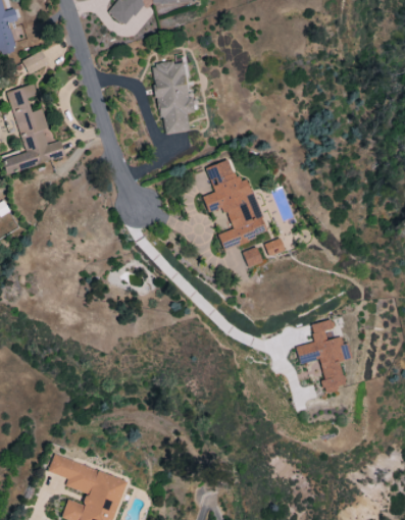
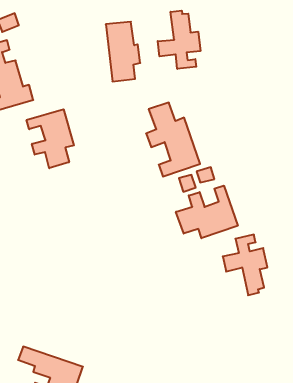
building: none -> [158,11,200,69]
building: none -> [27,109,74,168]
building: none -> [176,186,238,238]

